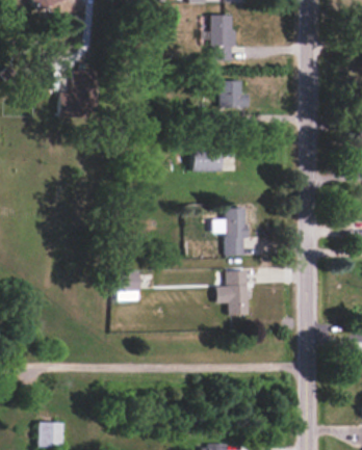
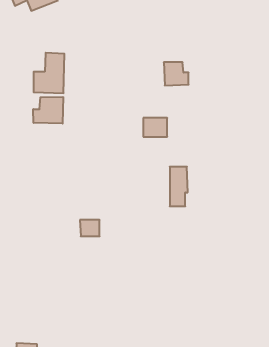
building: [200,15,235,60] -> none
building: none -> [33,97,63,124]
building: [216,269,249,315] -> none

